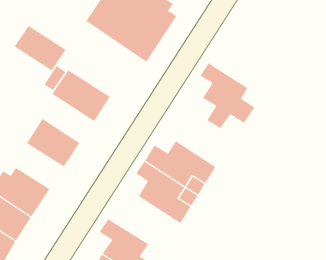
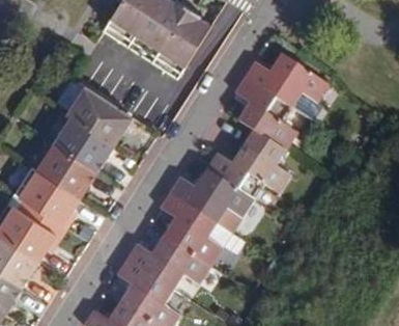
building: [14,25,66,71] -> [51,118,112,172]
building: none -> [245,53,329,108]
building: none -> [206,139,291,200]
building: none -> [11,169,77,226]
building: none -> [127,237,210,291]

